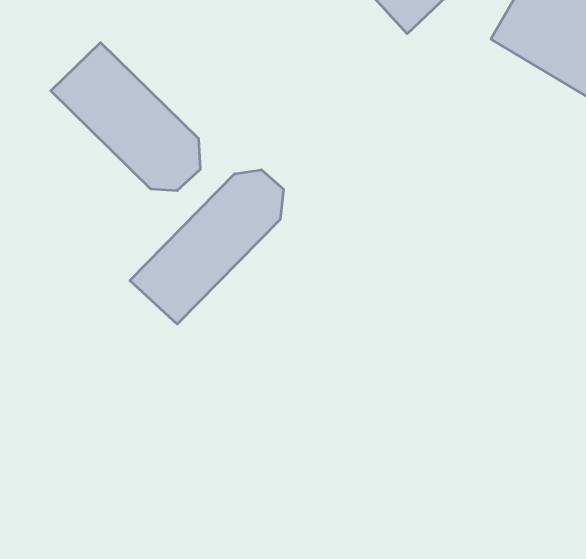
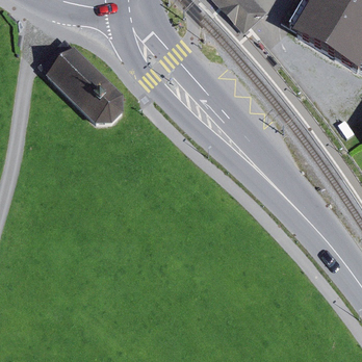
building: [130,170,283,324] -> none

